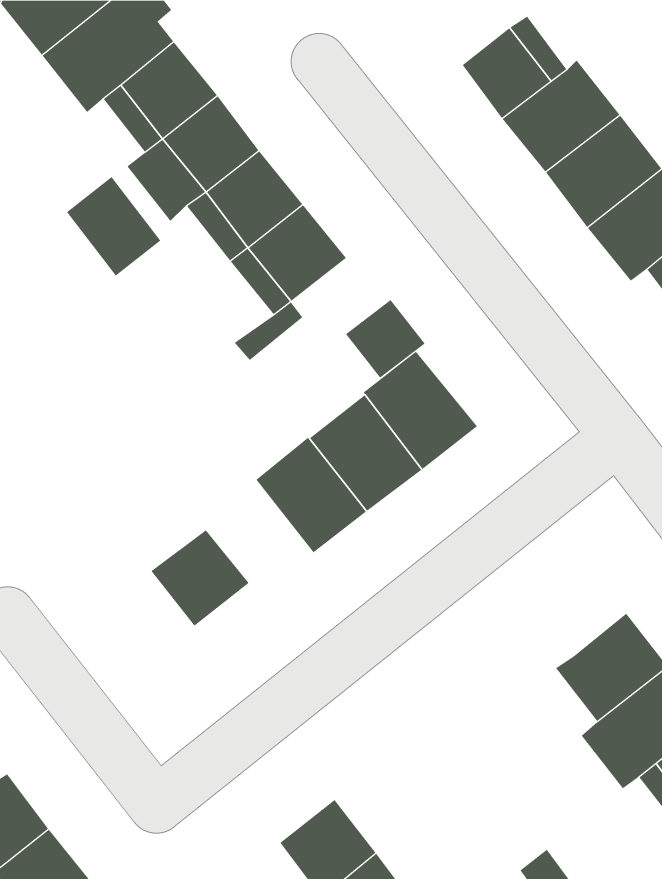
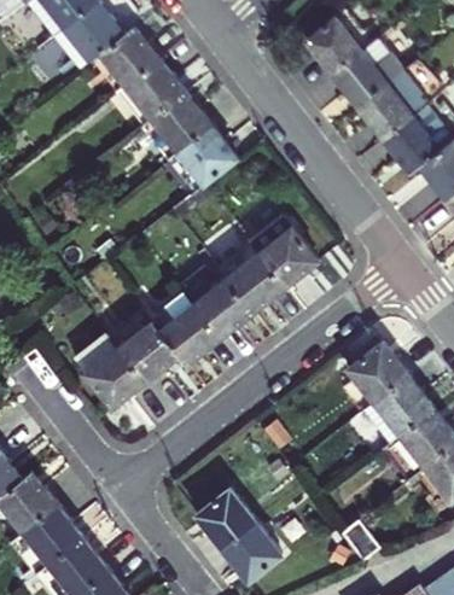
building: [66,176,161,276] -> none
building: [345,299,426,379] -> none
building: none -> [150,293,217,364]
building: none -> [76,336,145,408]
building: none -> [349,342,408,401]

